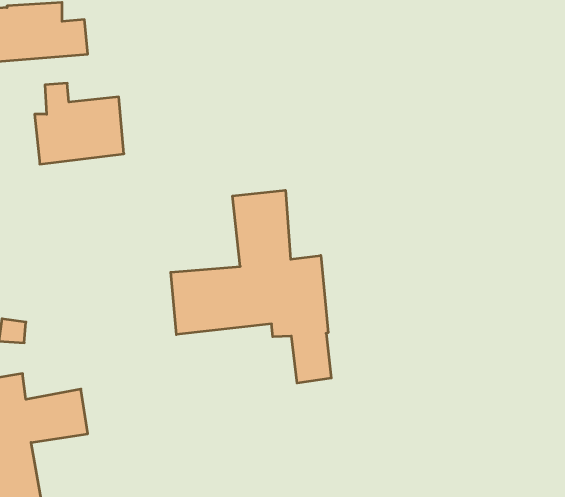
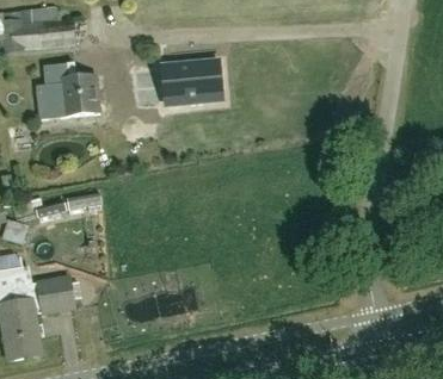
building: none -> [161,61,222,104]
building: [171,190,331,383] -> none

